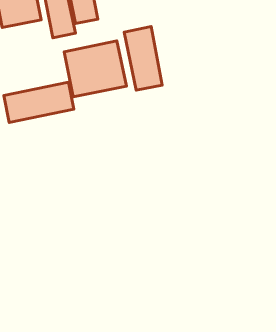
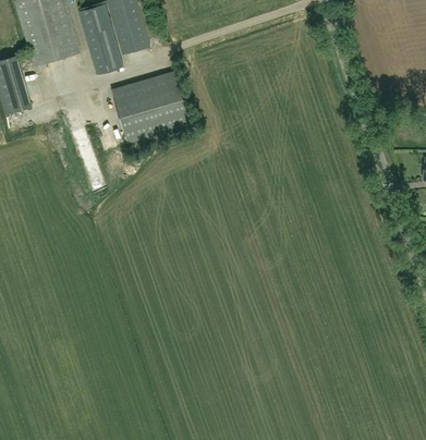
building: [124,26,162,90] -> none
building: [4,82,74,122] -> none

